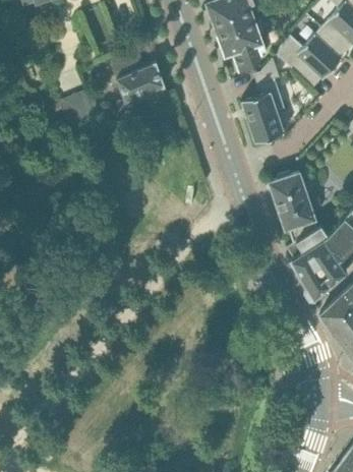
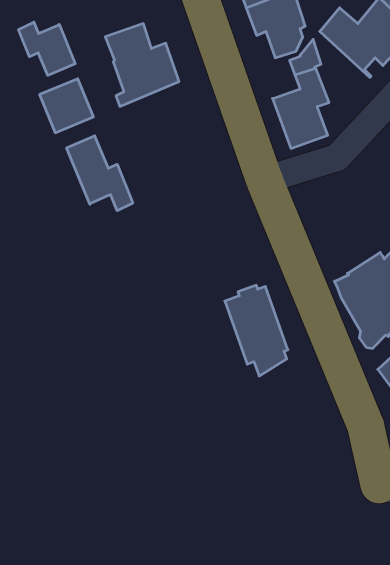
building: none -> [19,22,75,75]
building: none -> [67,136,133,211]
building: [269,170,317,240] -> [225,285,288,376]

